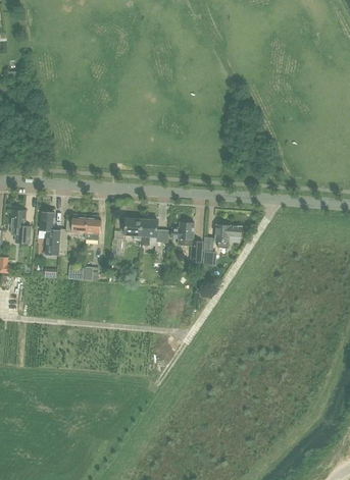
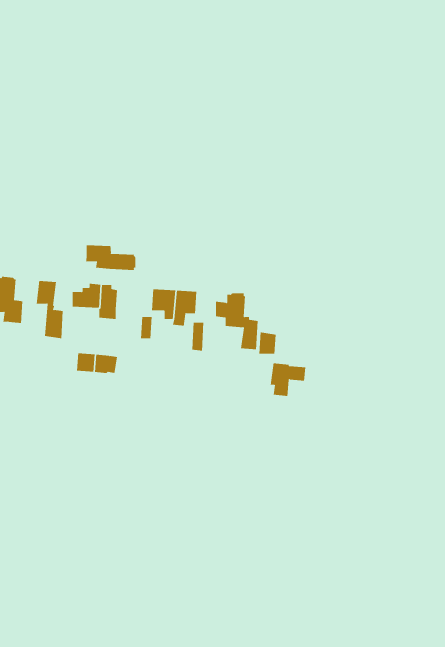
building: none -> [85,244,136,271]
building: [214,222,241,247] -> [270,363,306,396]

